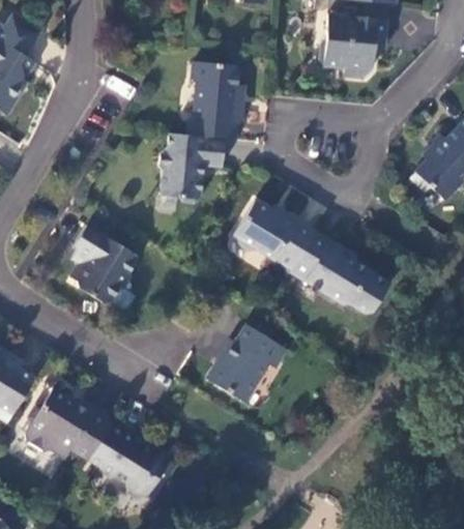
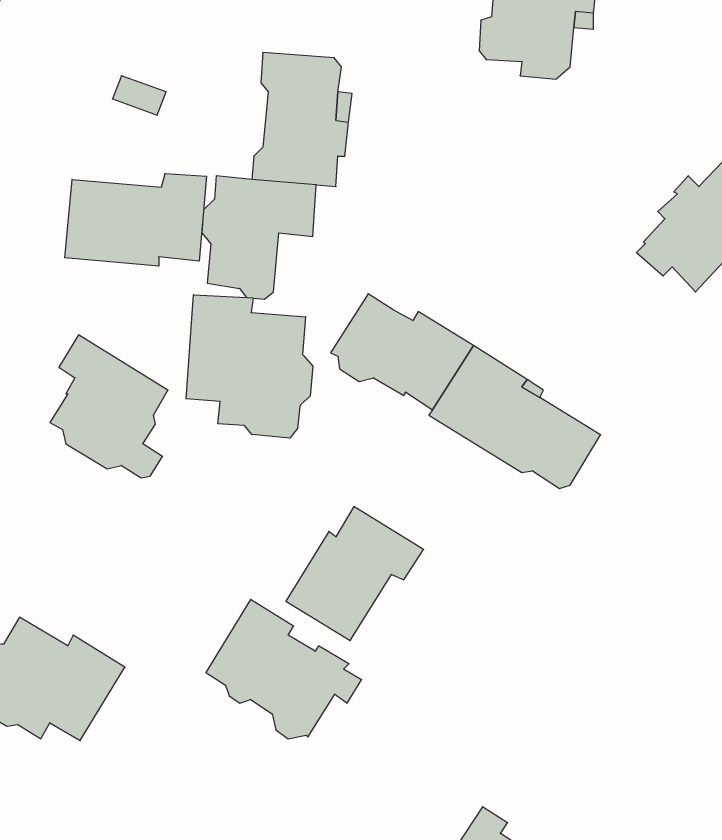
building: none -> [65,173,207,266]
building: none -> [186,295,313,438]
building: [87,417,177,498] -> [206,599,362,739]

